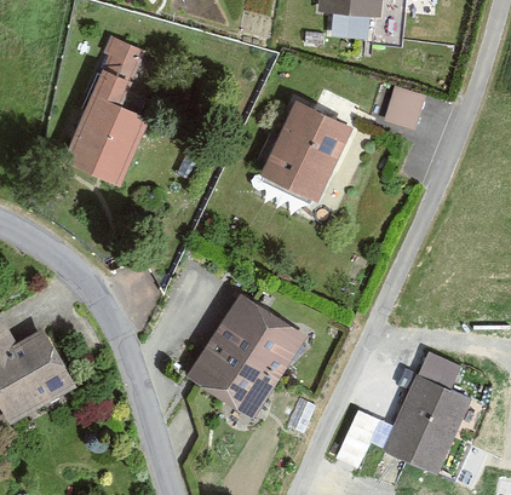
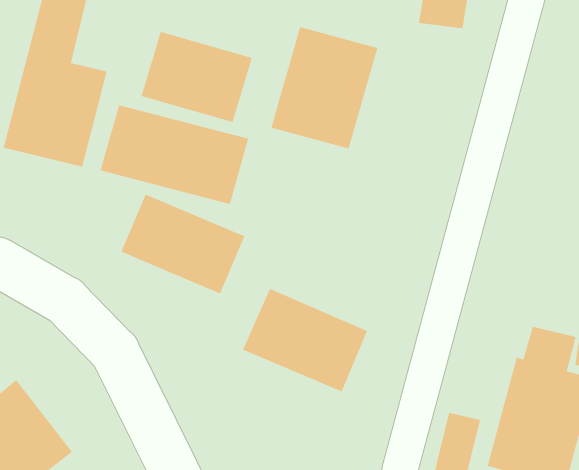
building: none -> [141,31,253,123]
building: none -> [100,104,249,205]
building: [186,335,281,419] -> [120,194,245,294]

